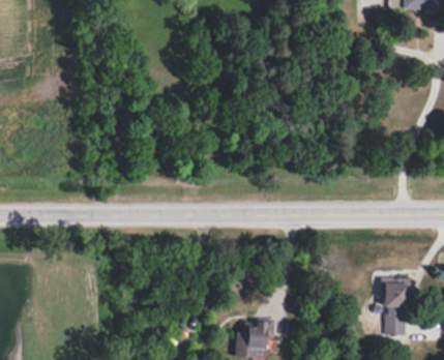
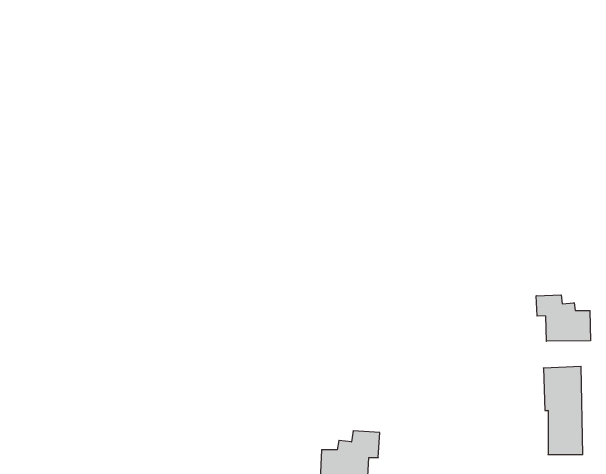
building: none -> [536,295,590,341]

